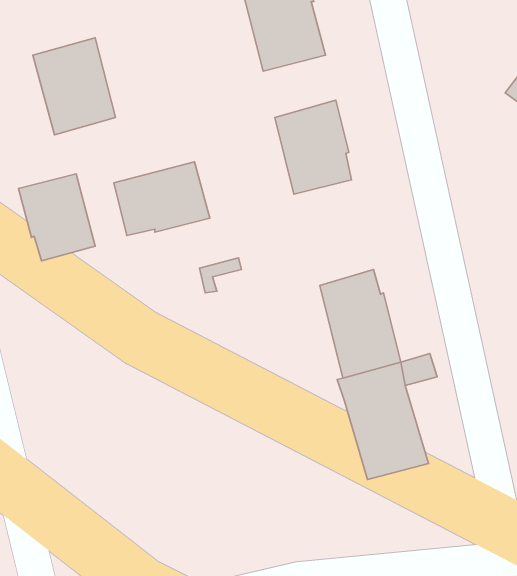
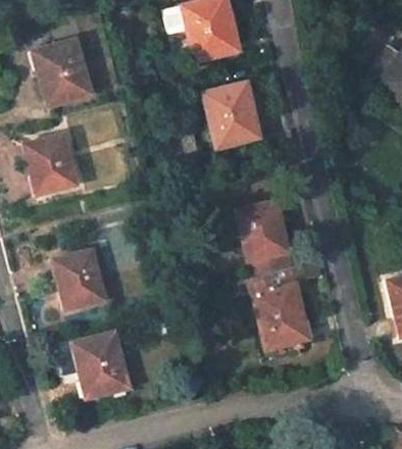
building: [114,162,210,236] -> none
building: none -> [54,249,105,310]
building: none -> [71,332,130,397]

